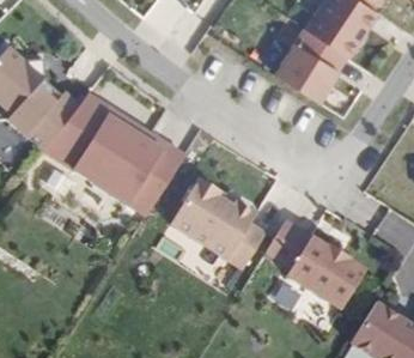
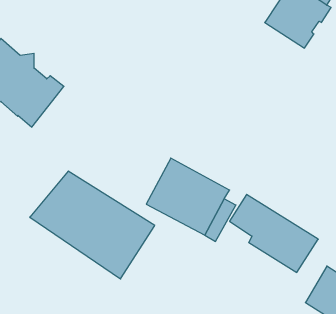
building: [278,45,342,105] -> none
building: [44,93,184,214] -> [30,171,155,279]

